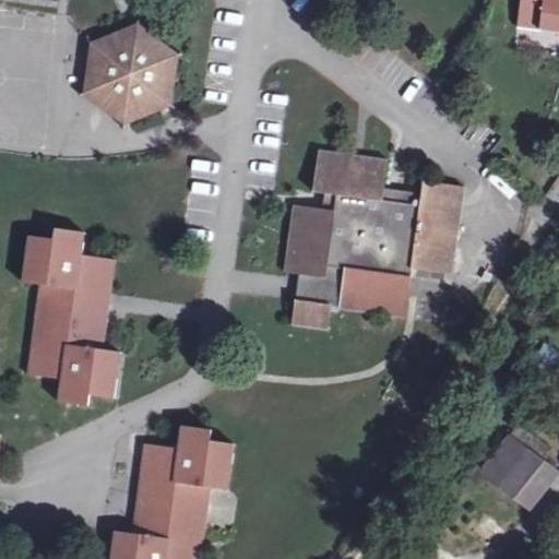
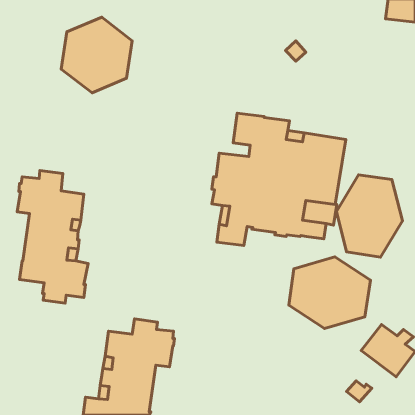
building: none -> [337,175,402,257]
building: none -> [289,257,371,328]

